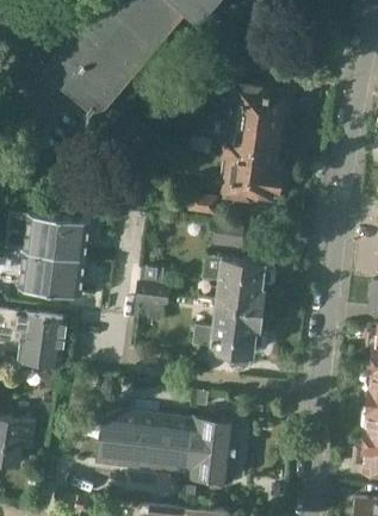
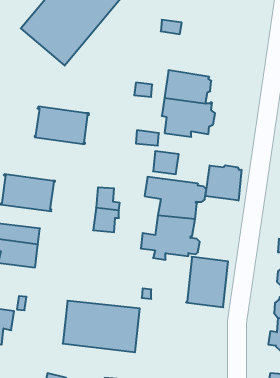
building: [229,83,285,131] -> none
building: [24,215,92,261] -> [35,107,89,144]
building: none -> [206,165,241,201]
building: [186,419,238,483] -> [186,257,228,307]

